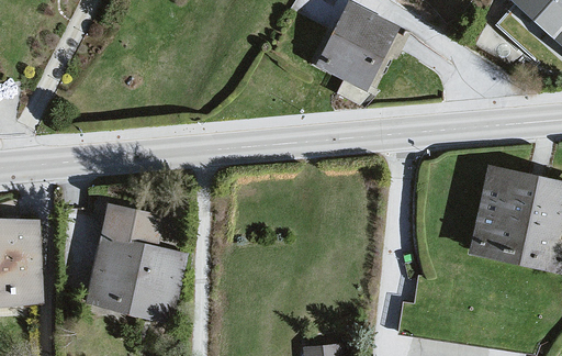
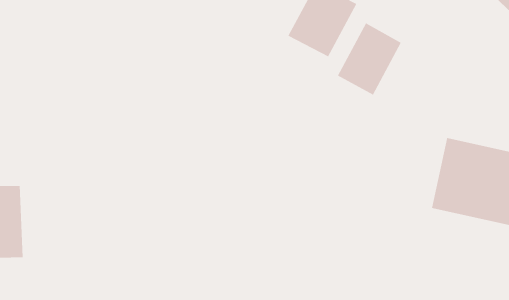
building: none -> [337,23,402,96]
building: [89,207,184,318] -> none

